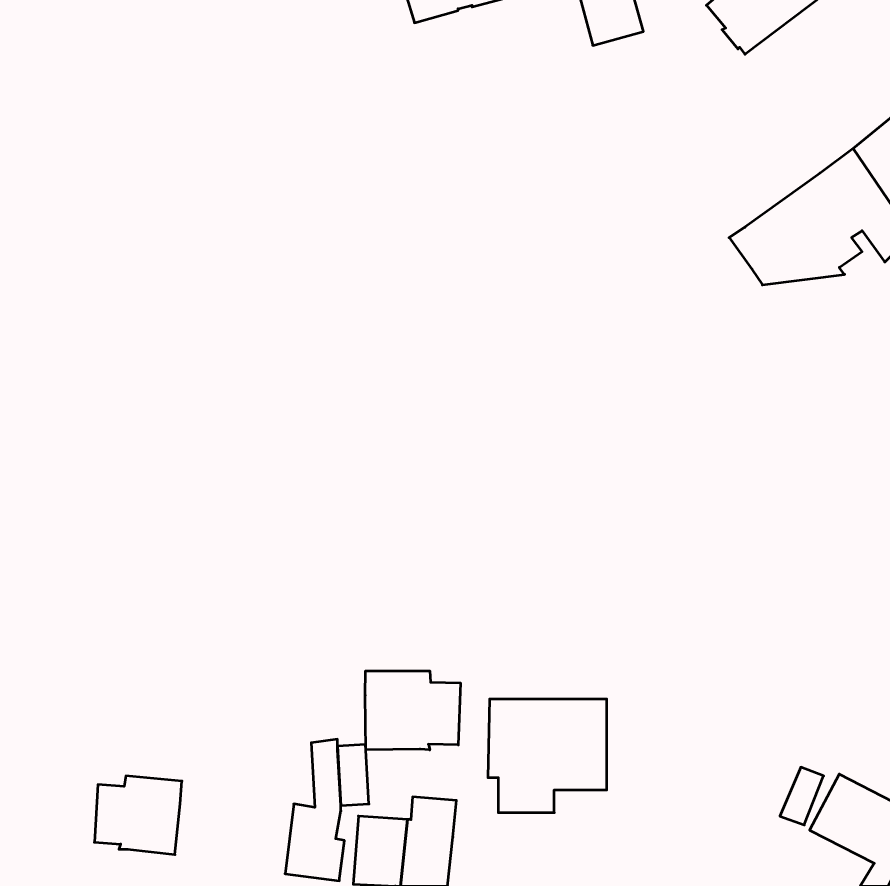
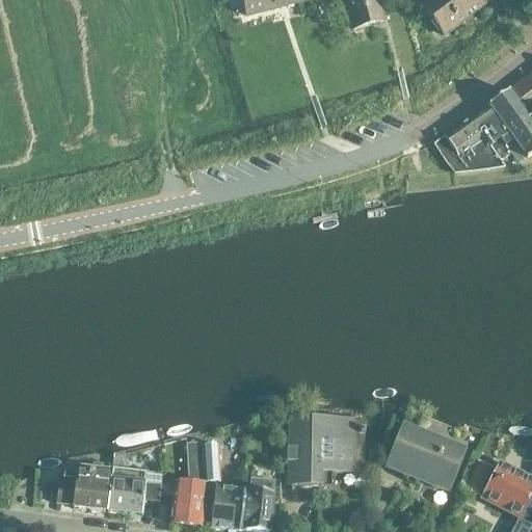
building: [365,671,460,750] -> none
building: none -> [388,425,467,484]
building: none -> [109,451,157,512]

